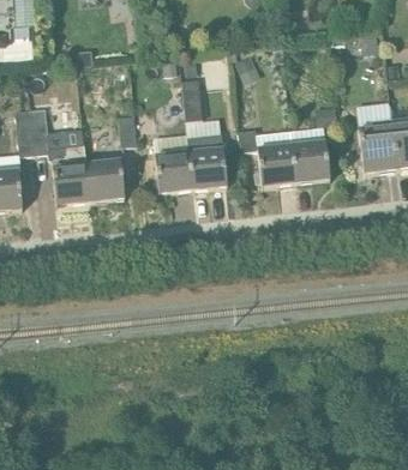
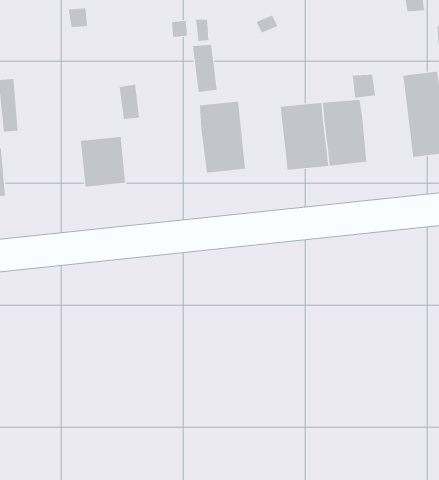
building: [30,107,53,153] -> none
building: [152,132,193,193] -> none
building: [53,144,90,205] -> none

